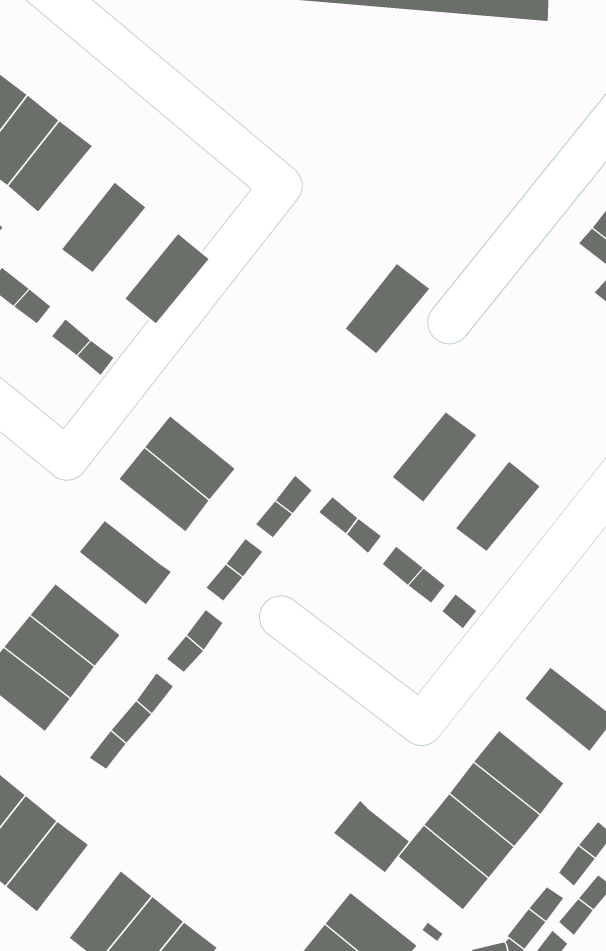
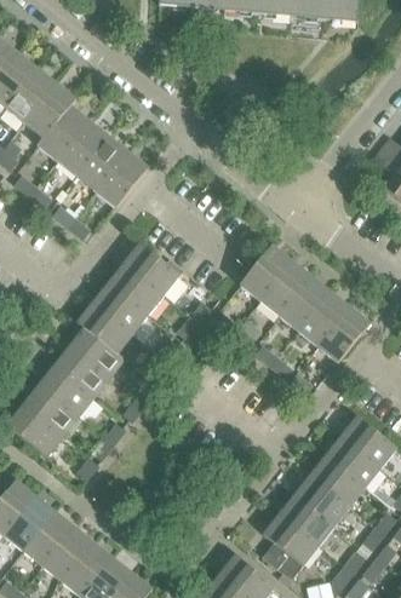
building: none -> [38,105,90,161]
building: none -> [76,136,128,191]
building: [345,263,430,354] -> [240,245,292,300]
building: none -> [124,243,179,295]
building: none -> [279,275,331,332]
building: none -> [76,301,133,353]
building: none -> [317,306,370,362]
building: none -> [53,346,109,397]
building: none -> [325,436,380,488]
building: [333,800,410,873] -> none
building: none -> [42,525,93,582]

